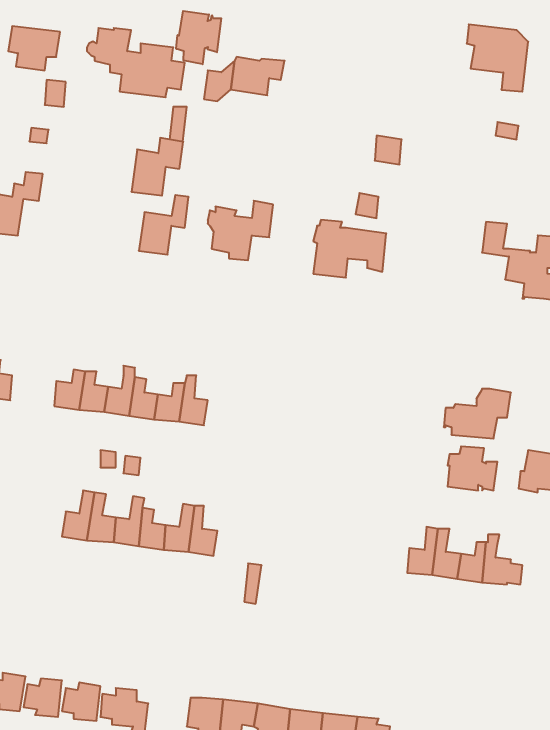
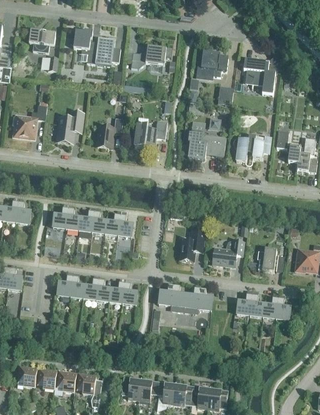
building: [176,11,221,64] -> none
building: [467,24,528,92] -> [243,59,275,94]
building: none -> [195,51,227,78]
building: [131,138,183,196] -> [56,111,83,141]
building: none -> [233,135,270,162]
building: [444,389,511,439] -> [208,240,243,266]
building: none -> [179,231,204,261]
building: none -> [158,285,212,312]

